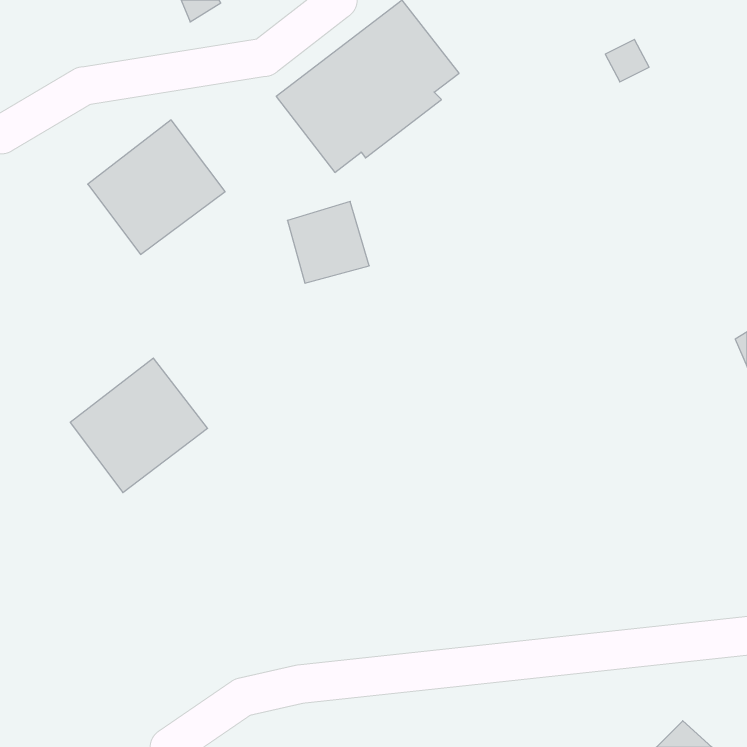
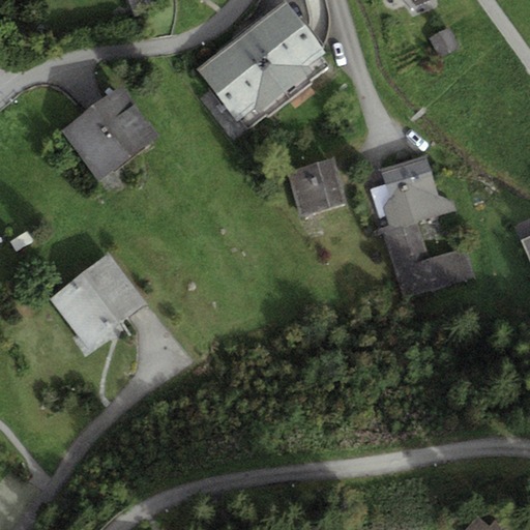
building: [287,201,369,283] -> [288,158,346,216]
building: none -> [381,154,474,300]

